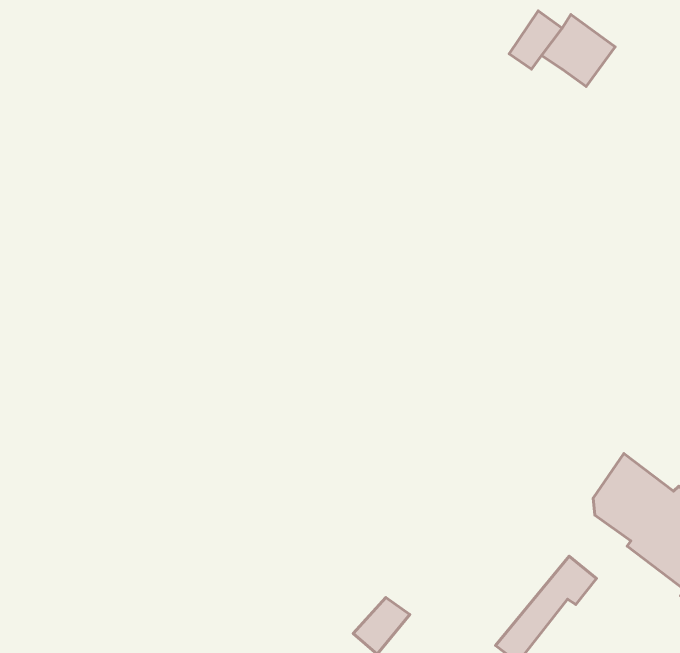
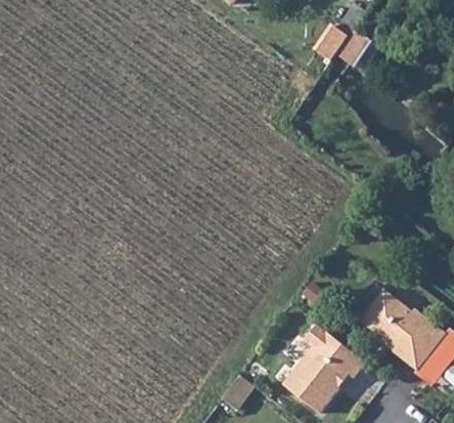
building: none -> [282,325,351,405]

